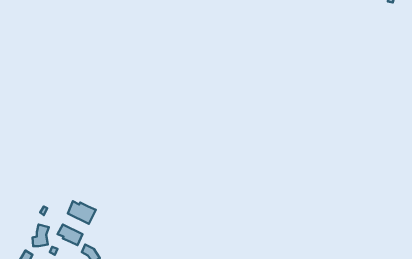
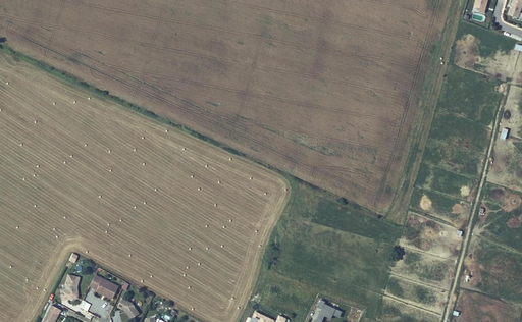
building: [68,201,96,224] -> none

